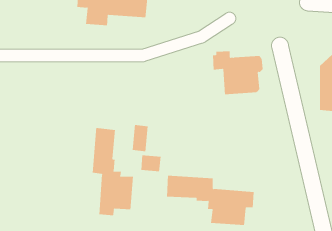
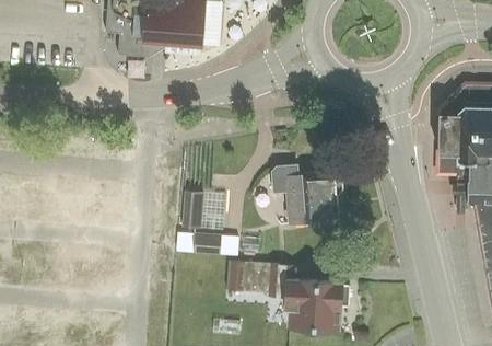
building: [212,51,263,95] -> [274,163,344,223]
building: [92,127,133,216] -> none

